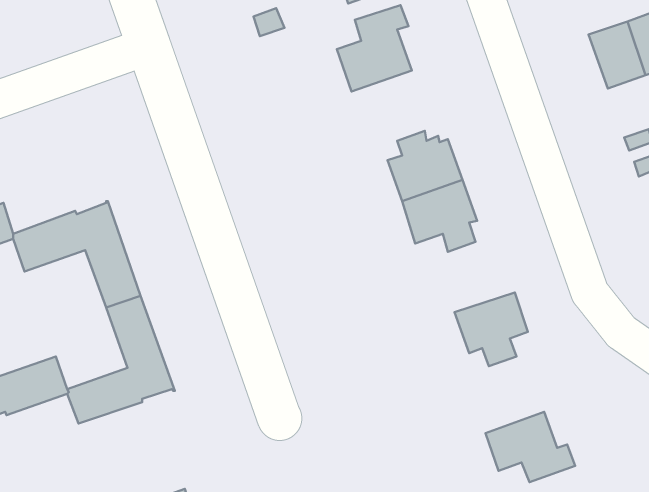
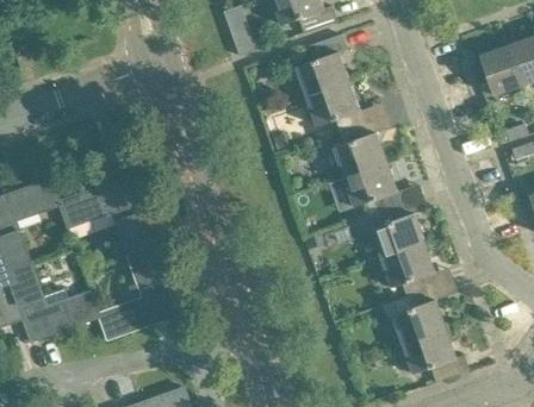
building: none -> [305,82,359,133]
building: none -> [353,207,424,258]
building: none -> [380,290,446,346]

